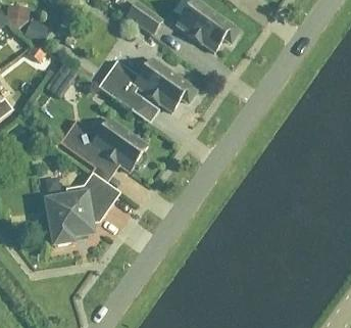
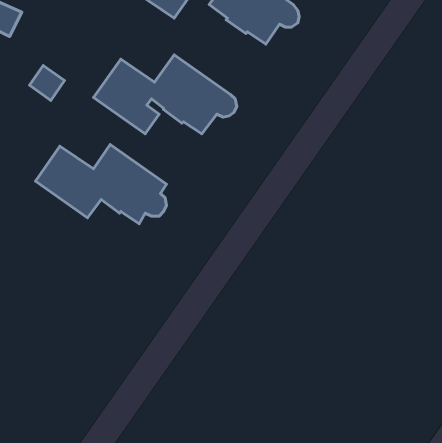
building: [46,172,118,244] -> none

